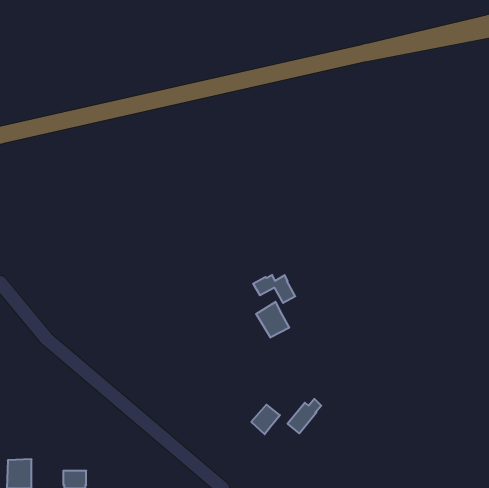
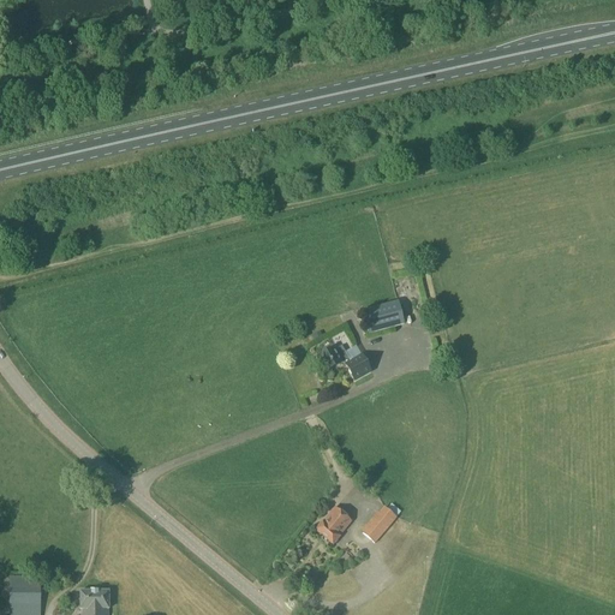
building: none -> [363,301,405,333]
building: [256,302,289,338] -> none

